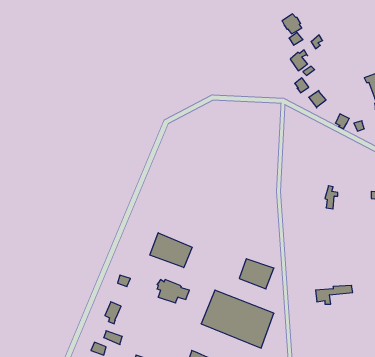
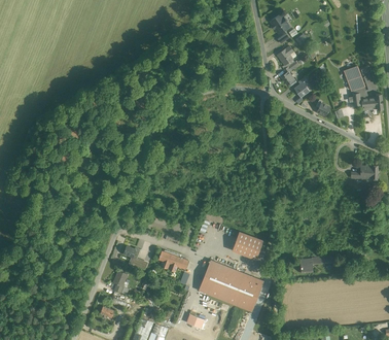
building: [150,233,192,268] -> none

